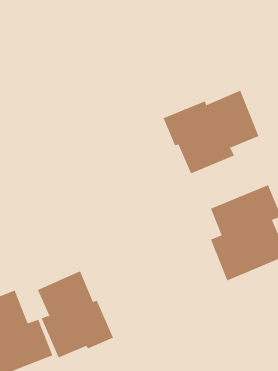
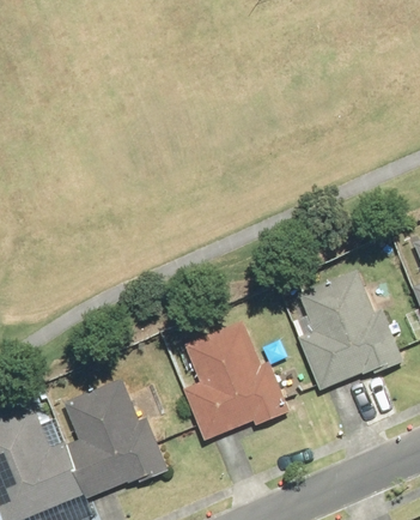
building: [163,90,259,174] -> none
building: none -> [182,321,290,440]

